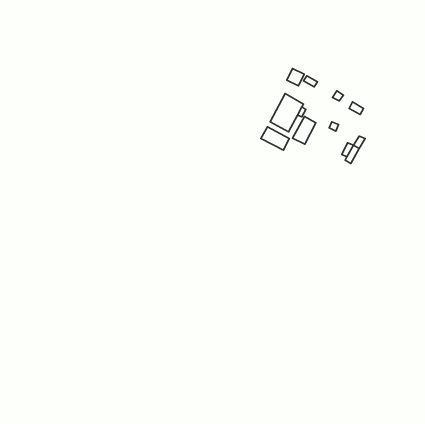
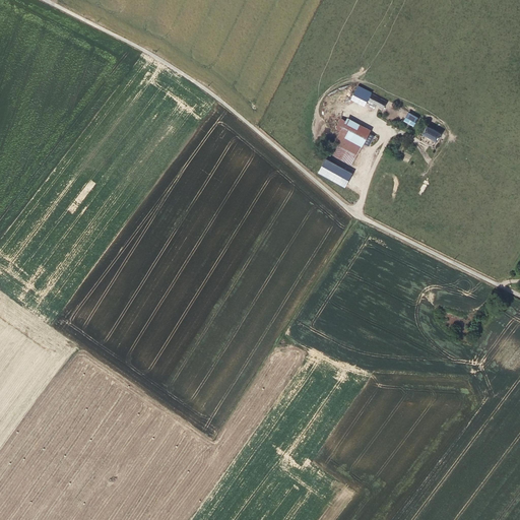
building: [293,116,316,144] -> none

